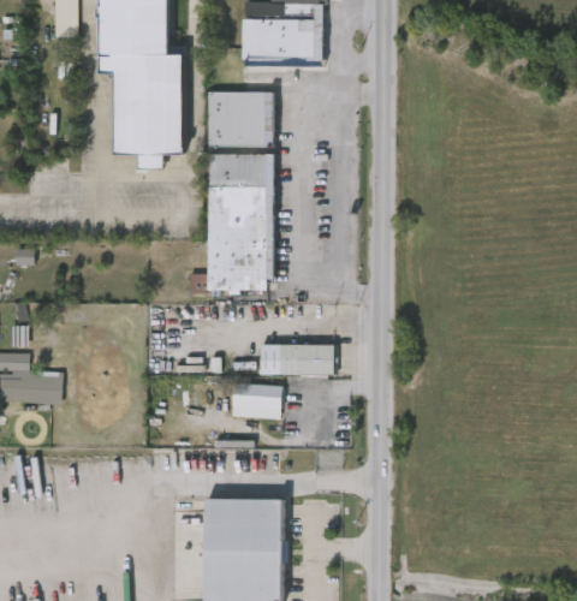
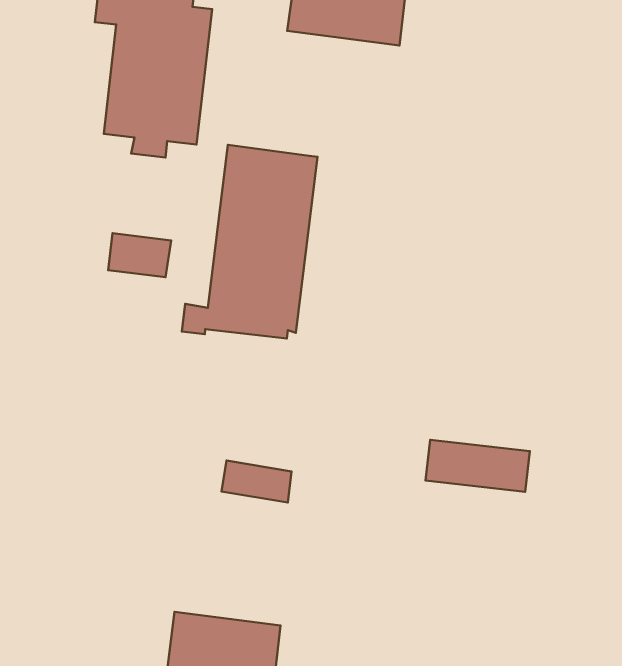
building: [207,91,273,147] -> none
building: none -> [108,233,171,277]
building: [258,345,332,375] -> [426,440,530,492]

